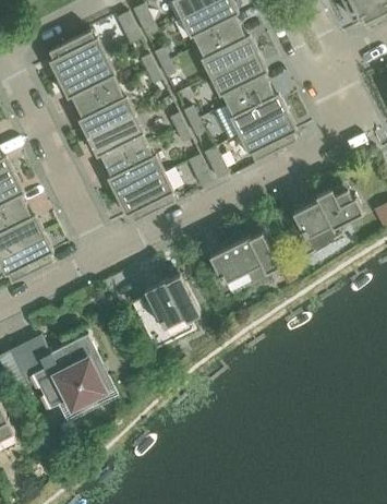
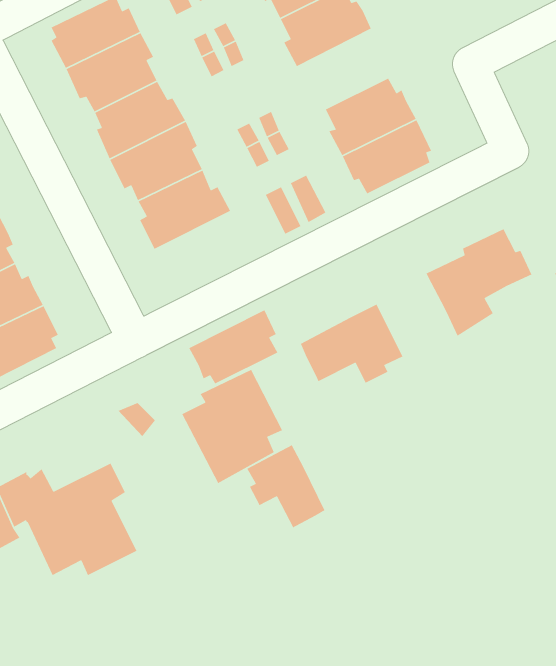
building: [208,52,268,105] -> none
building: [116,171,174,220] -> [188,309,278,385]
building: none -> [246,444,325,528]

